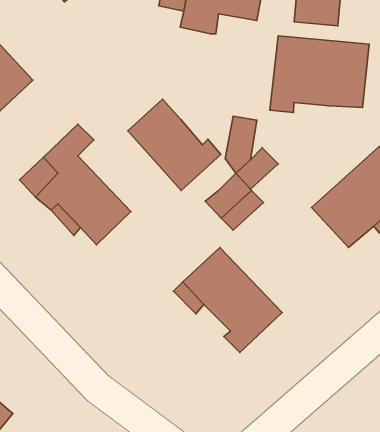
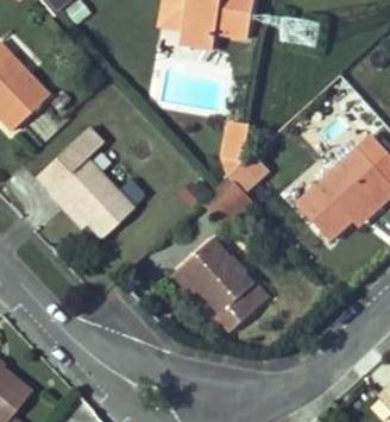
building: [270,36,369,112] -> none
building: [128,99,221,191] -> none

